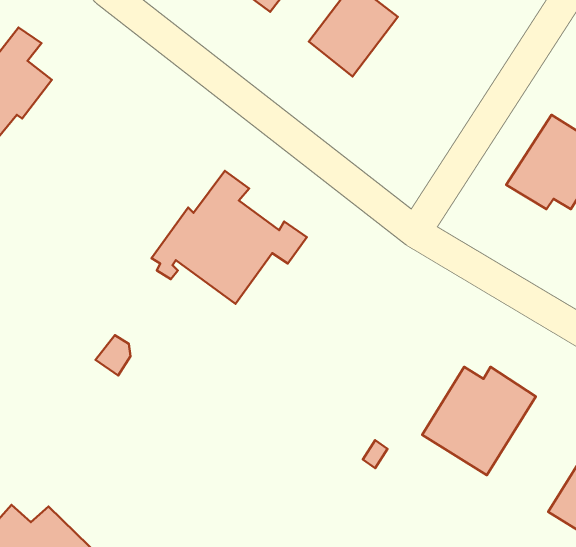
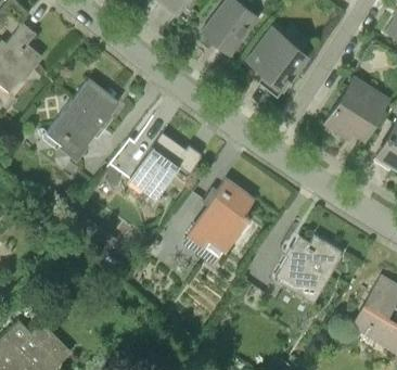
building: none -> [249,31,304,97]
building: none -> [47,79,119,157]
building: none -> [187,179,254,248]

